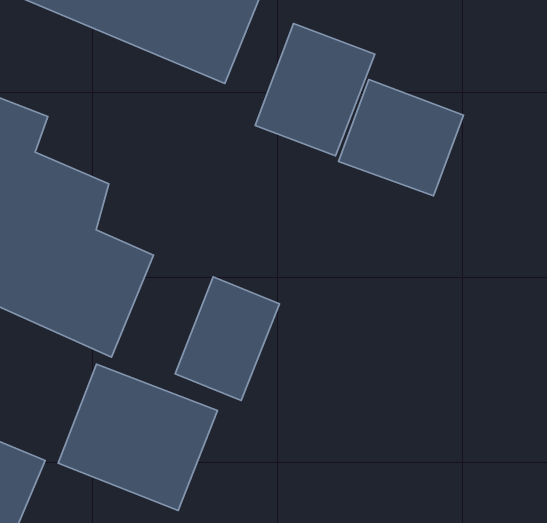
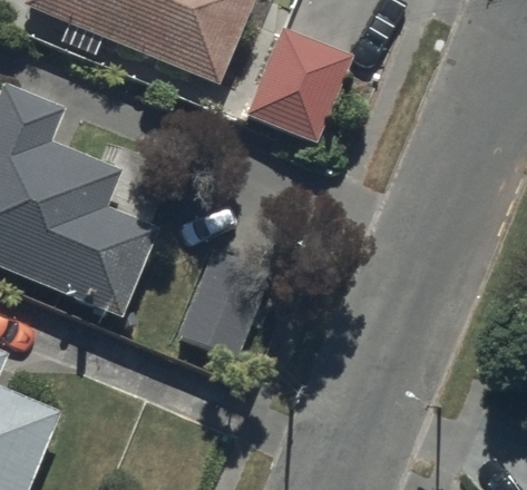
building: [338,80,463,196] -> none
building: [58,364,218,511] -> none

